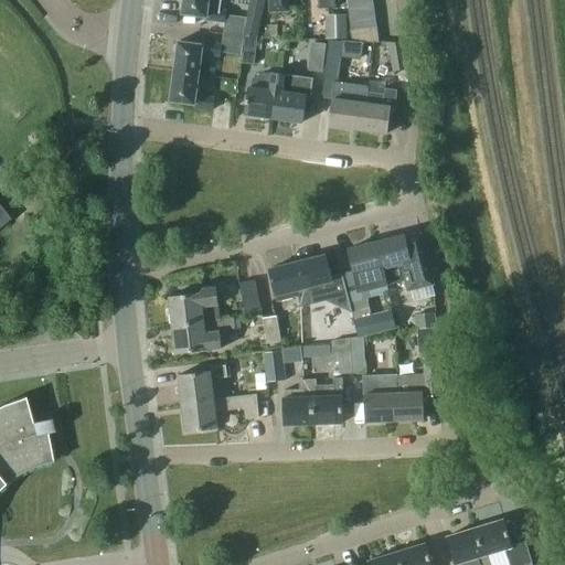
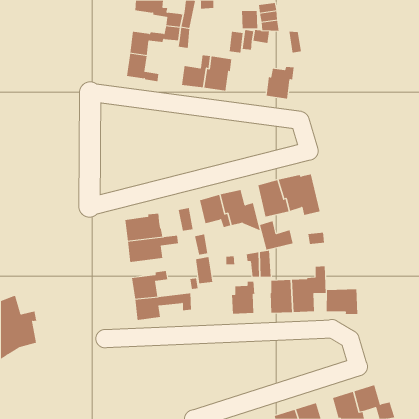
building: [329,85,367,129] -> none
building: [282,379,316,424] -> none
building: none -> [326,288,358,315]

